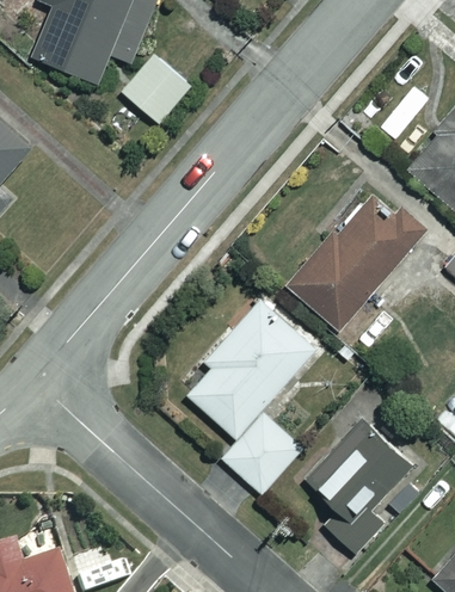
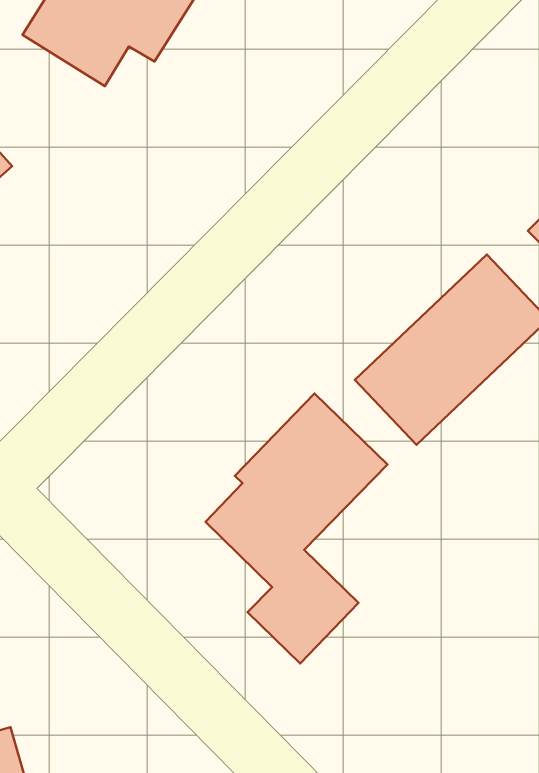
building: [122,54,189,121] -> none
building: [314,424,414,553] -> none

